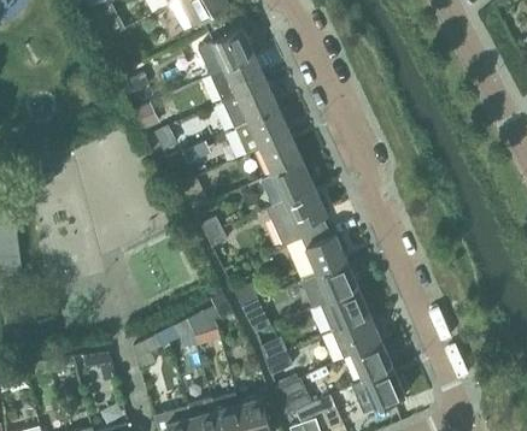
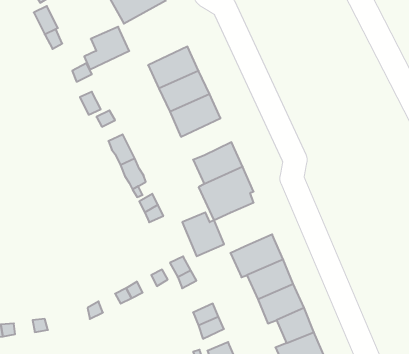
building: [204,29,253,76] -> [84,27,129,70]
building: [259,134,301,175] -> none
building: [300,226,346,274] -> [182,212,224,256]

